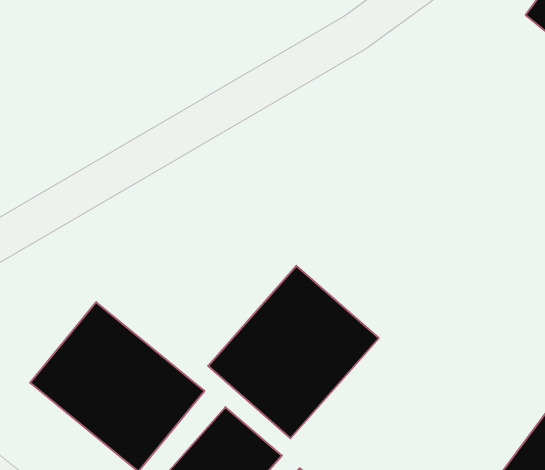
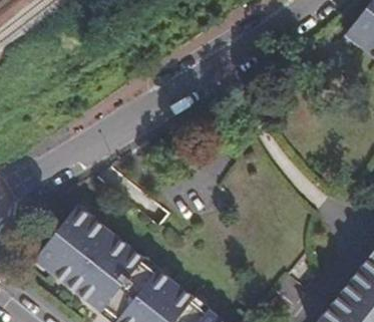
building: [208,266,379,438] -> none

